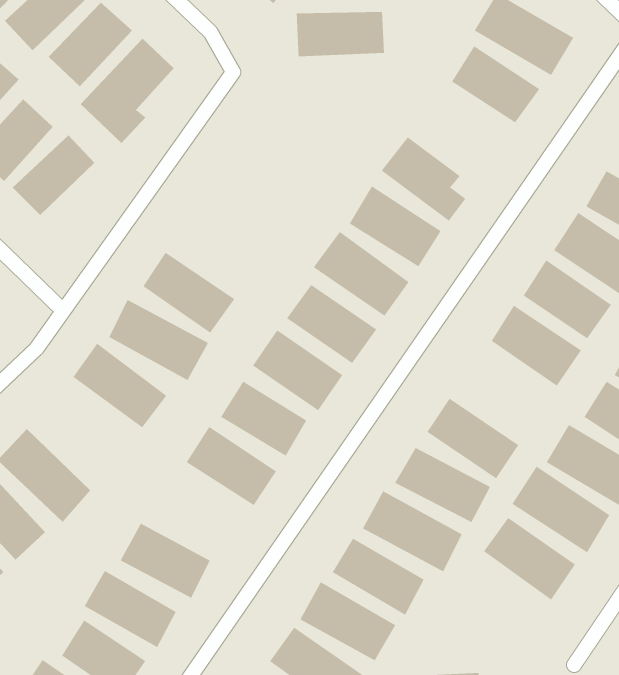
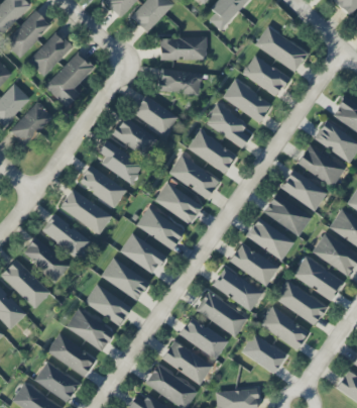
building: none -> [158,69,202,95]
building: none -> [222,78,272,122]
building: none -> [133,95,178,136]
building: none -> [112,117,158,157]
building: none -> [99,142,144,183]
building: none -> [246,217,294,261]
building: none -> [21,236,70,282]
building: none -> [85,284,131,326]
building: none -> [241,333,286,373]

